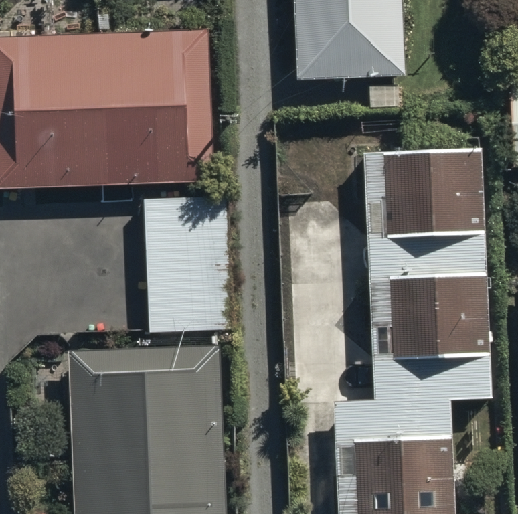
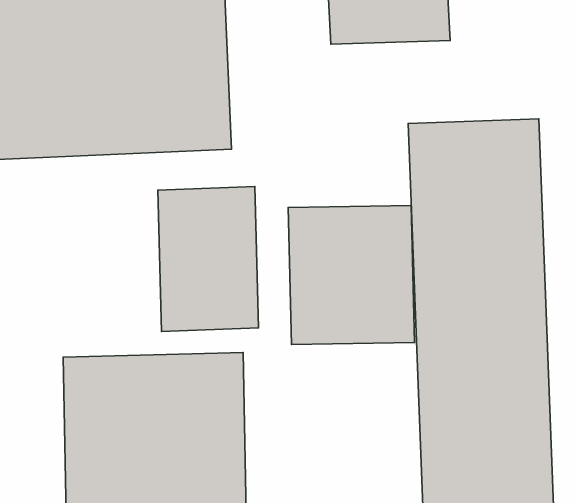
building: none -> [288,205,414,345]

